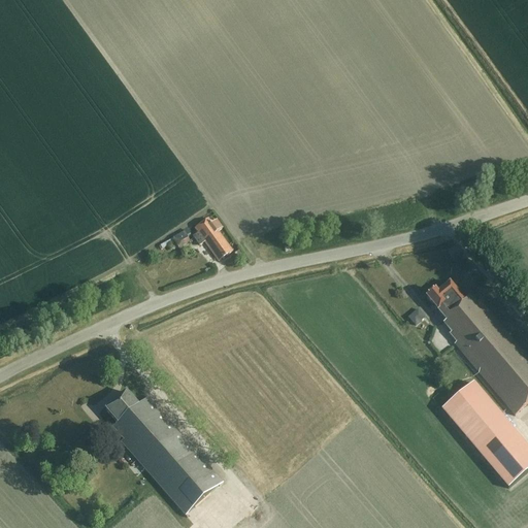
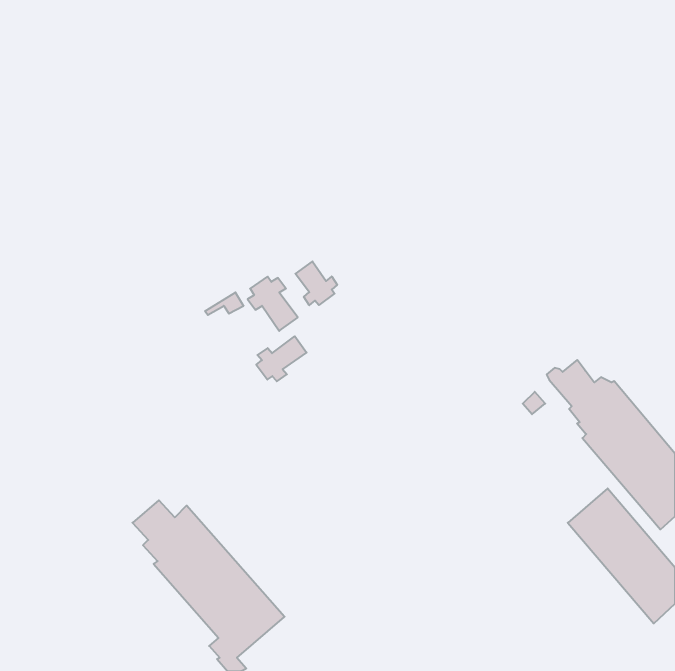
building: none -> [295,261,337,305]
building: none -> [256,336,307,381]

